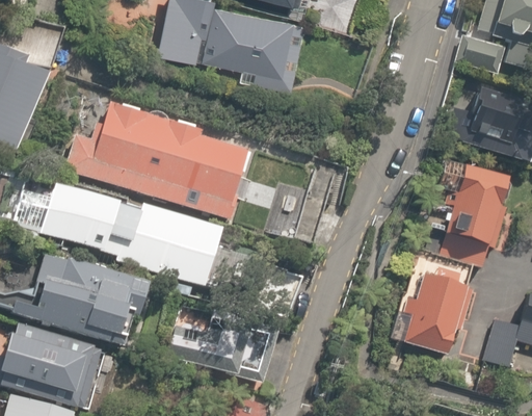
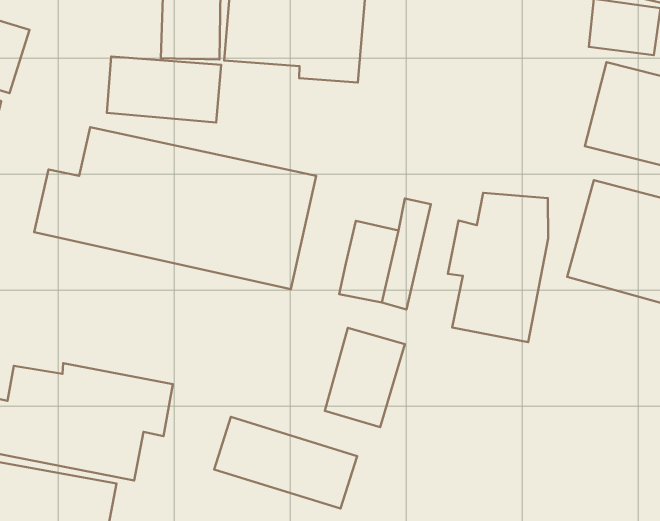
building: none -> [107,56,221,123]
building: [39,177,223,289] -> none
building: [399,257,473,363] -> [448,193,548,342]

